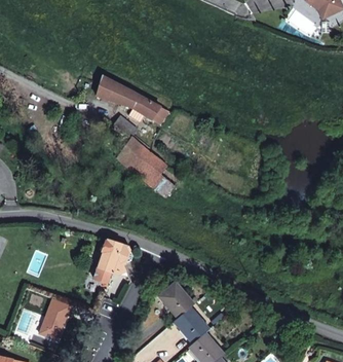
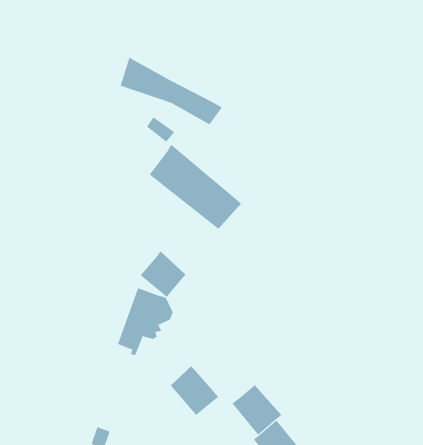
building: none -> [140,251,186,298]
building: [159,281,194,317] -> [170,365,219,416]
building: [38,297,70,339] -> none

